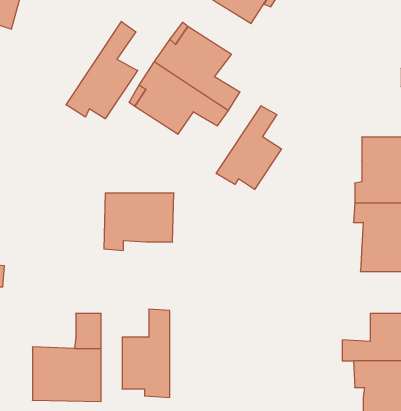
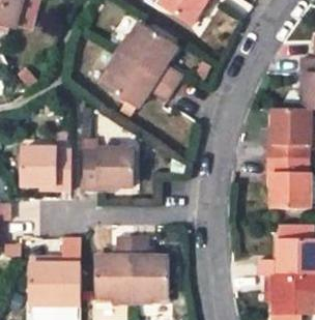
building: [66,21,138,119] -> none
building: [216,106,281,190] -> none
building: none -> [21,149,69,192]
building: none -> [131,237,168,301]

